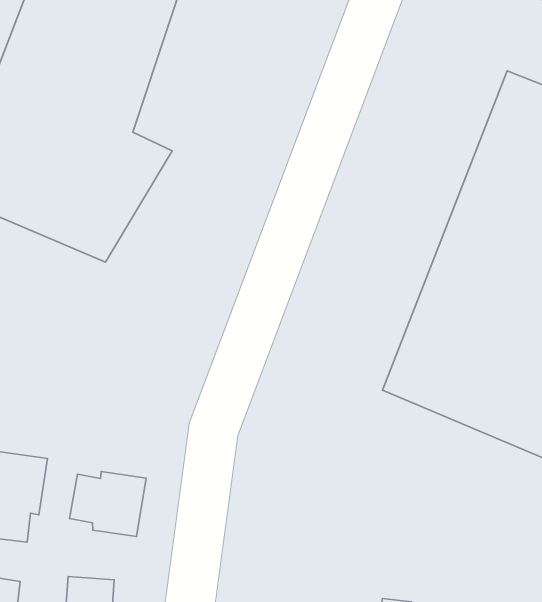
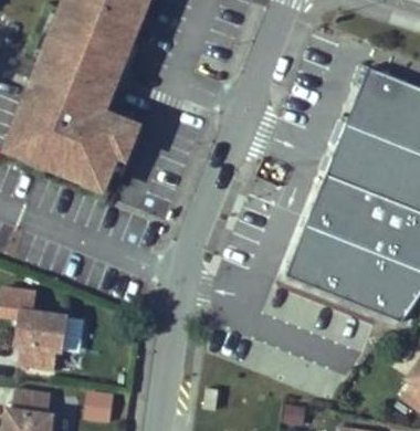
building: [70,472,146,537] -> none

